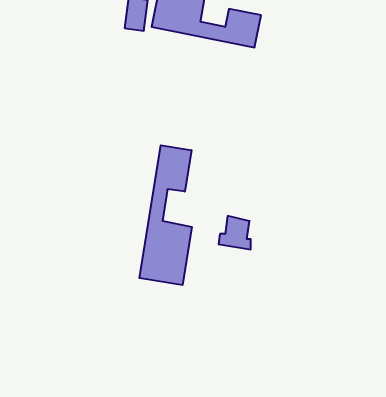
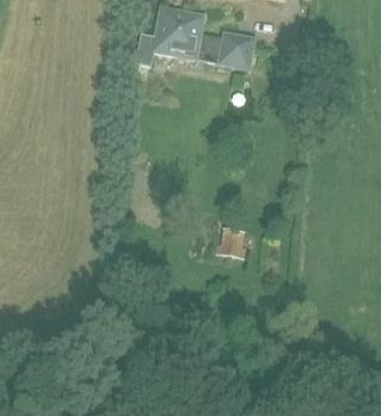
building: [139,145,192,285] -> none

